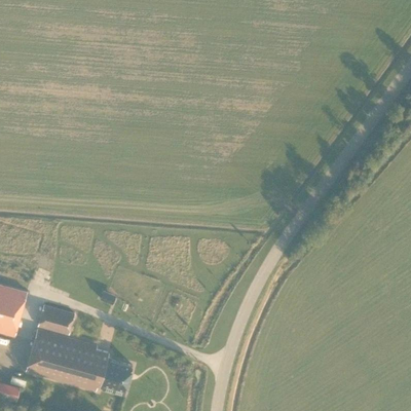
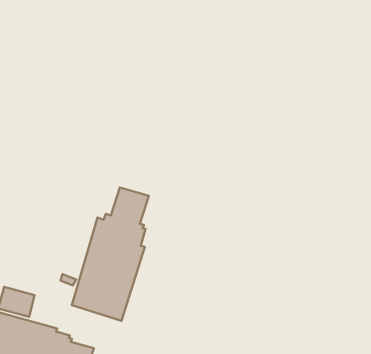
building: none -> [72,187,149,321]

